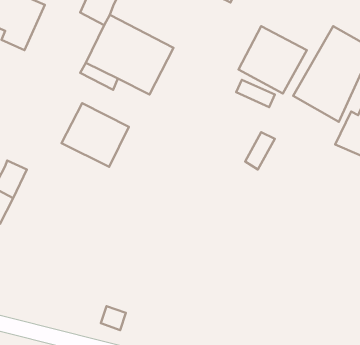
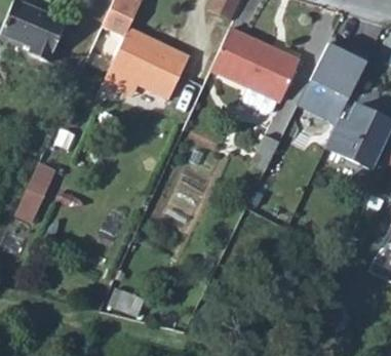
building: none -> [218,29,265,81]
building: [61,103,129,167] -> none

